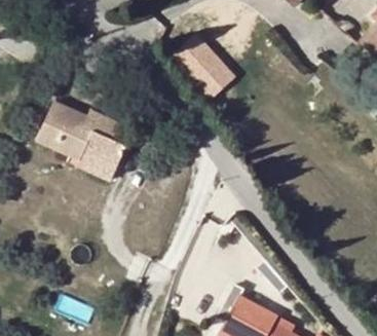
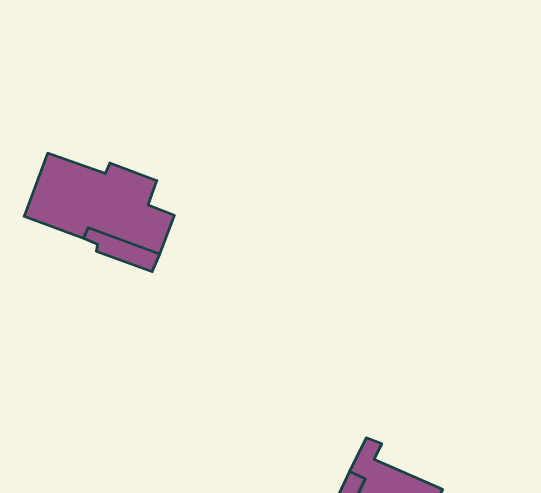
building: [175,30,241,97] -> none

